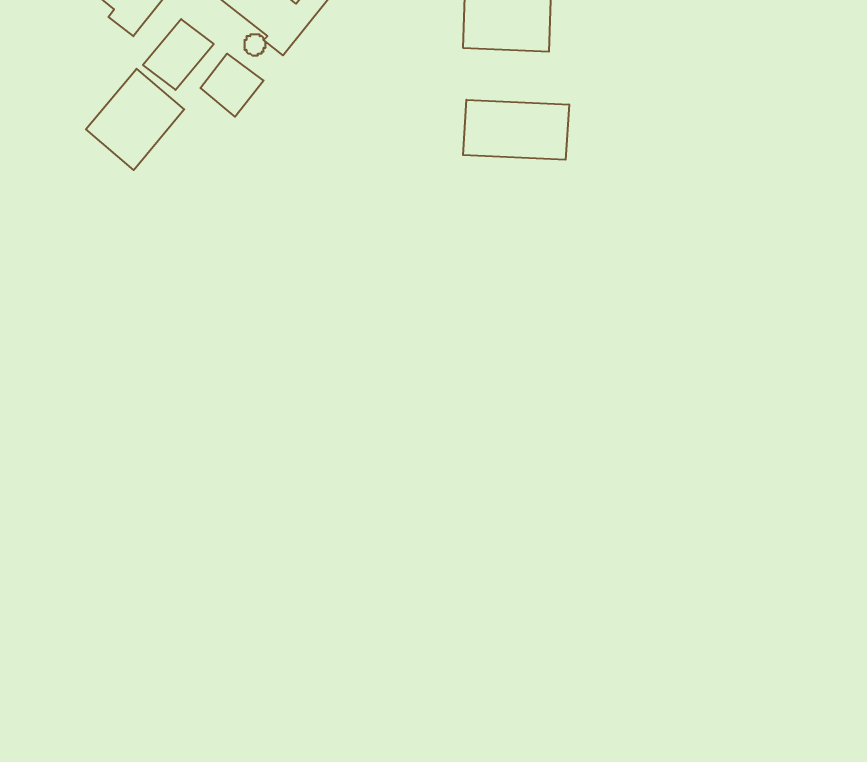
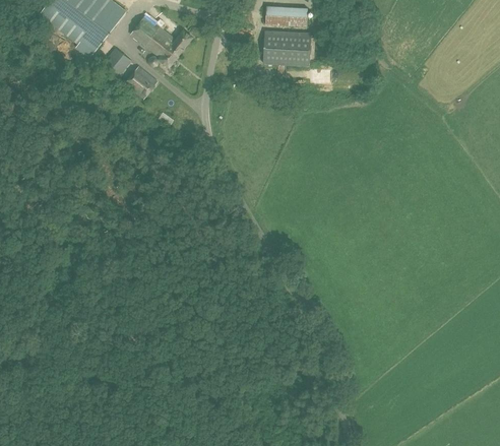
building: [86,69,184,170] -> none
building: [463,100,569,160] -> none

